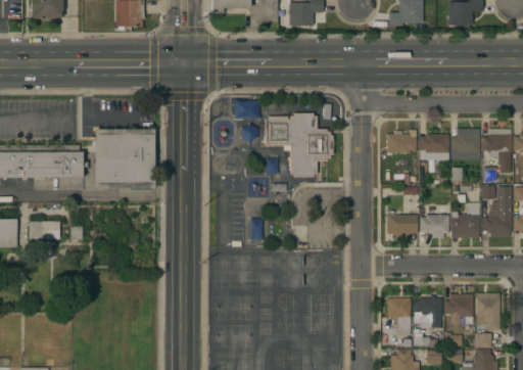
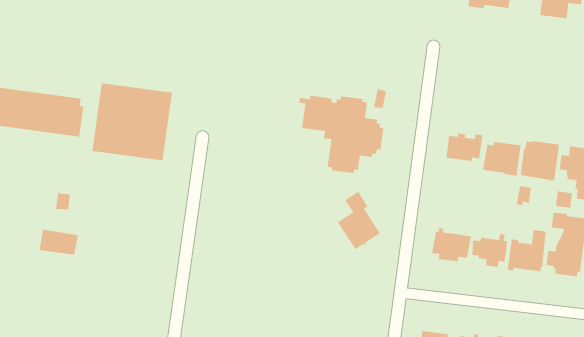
building: none -> [337,191,381,250]
building: [29,221,60,239] -> [38,229,79,255]

